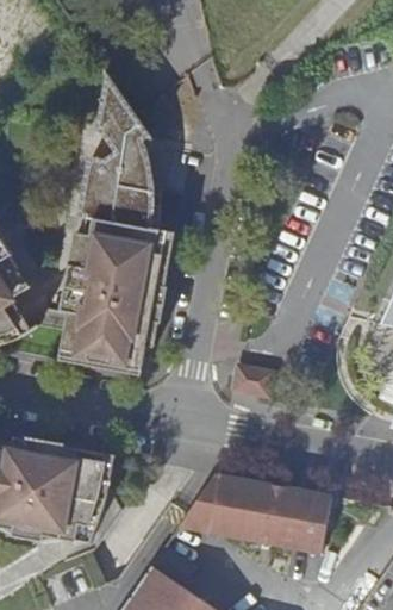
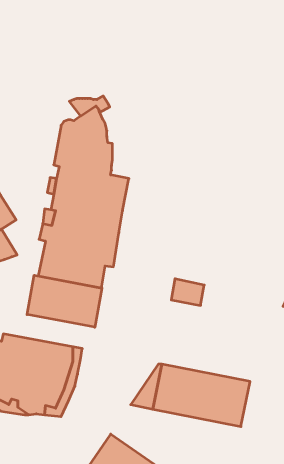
building: [92,86,142,135] -> none
building: none -> [27,275,102,327]

